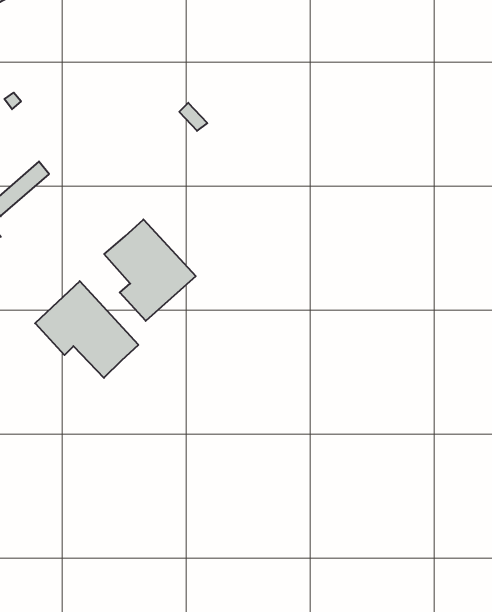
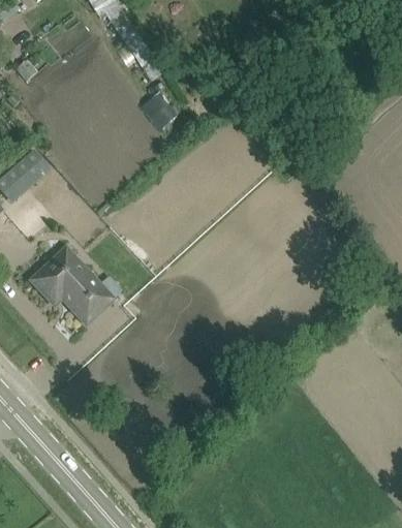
building: [104,219,196,321] -> none

